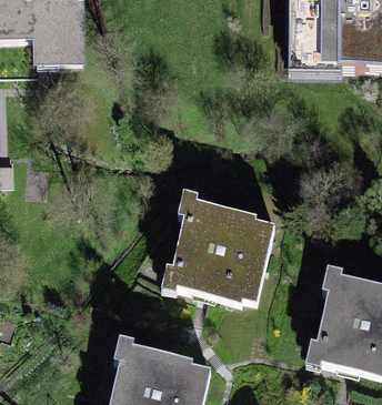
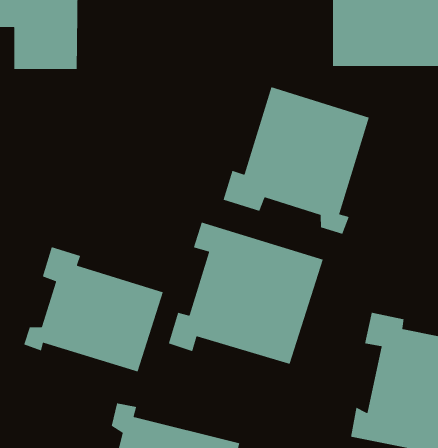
building: none -> [222,86,370,235]
building: none -> [23,246,164,373]

